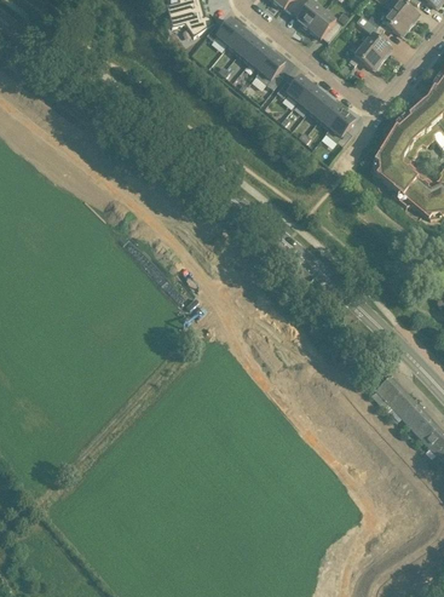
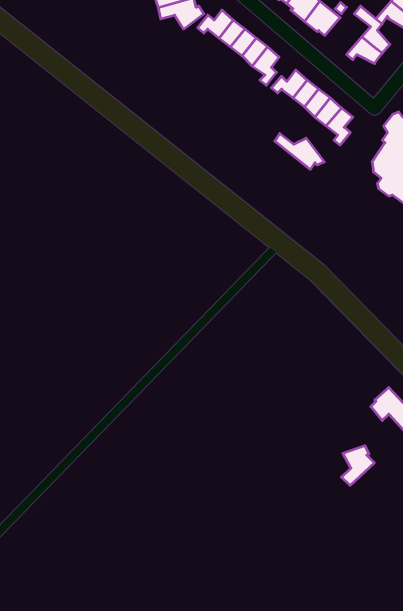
building: none -> [275,133,324,169]
building: none -> [341,446,374,485]

